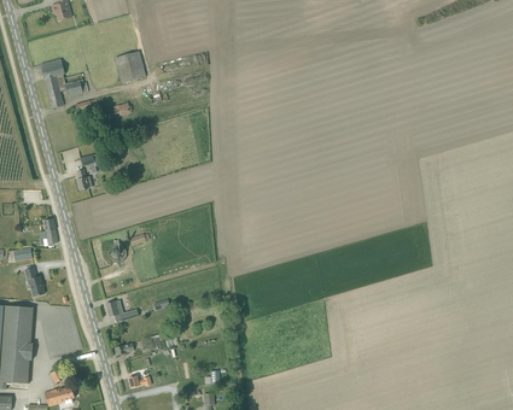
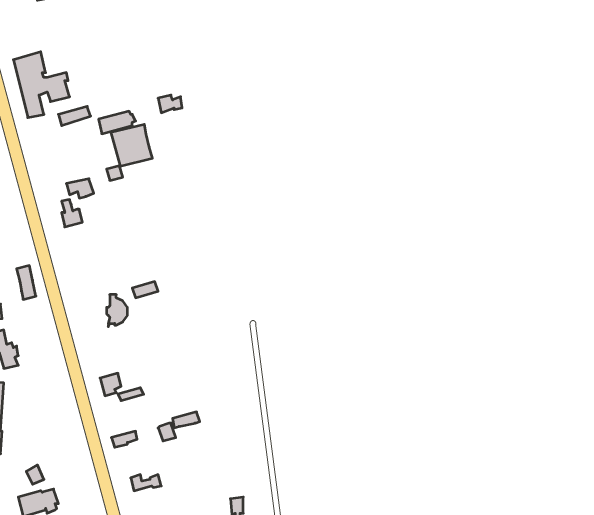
building: [113,51,145,82] -> [111,124,152,166]

